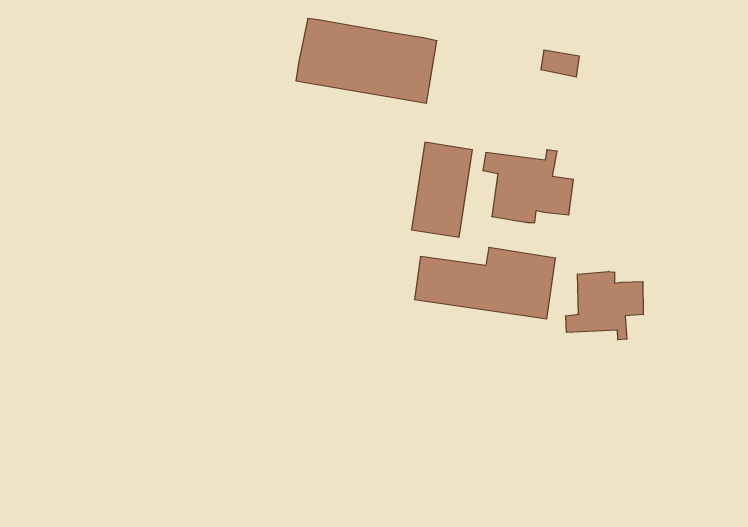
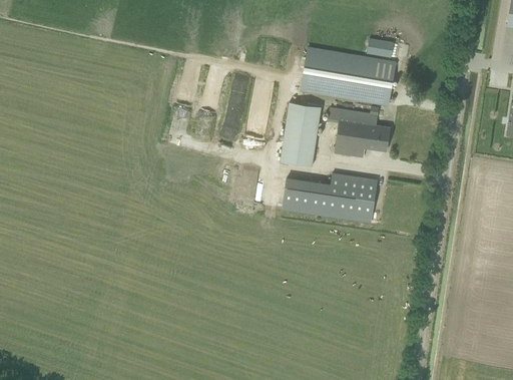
building: [296,18,437,103] -> [301,47,396,104]
building: [566,271,643,340] -> none

